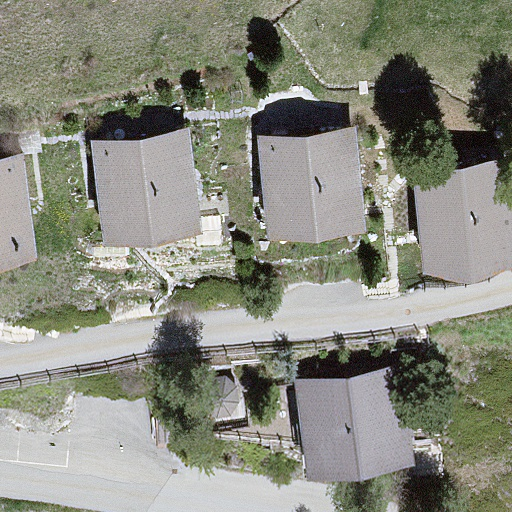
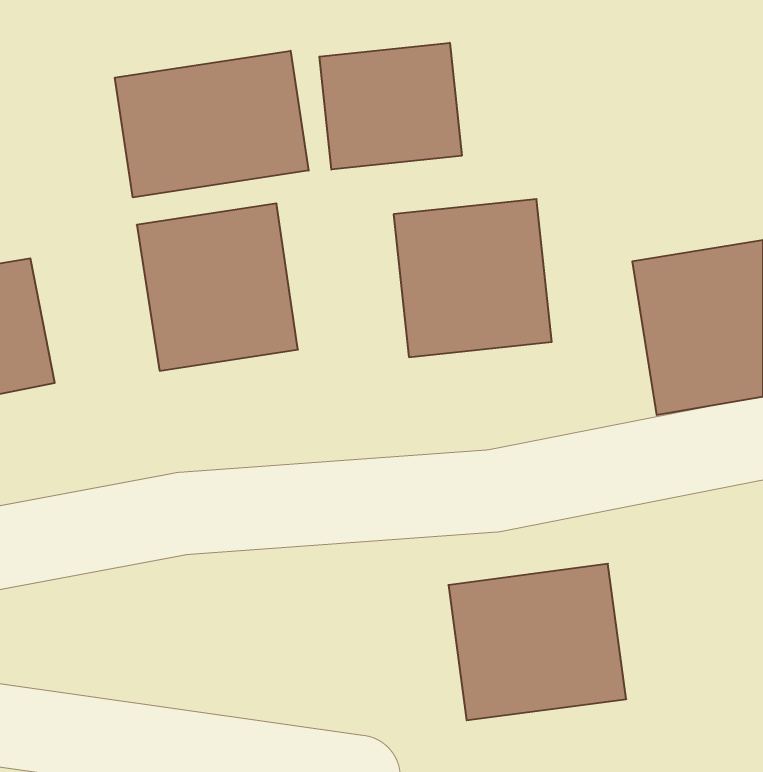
building: none -> [319,43,462,170]
building: none -> [115,51,309,197]

